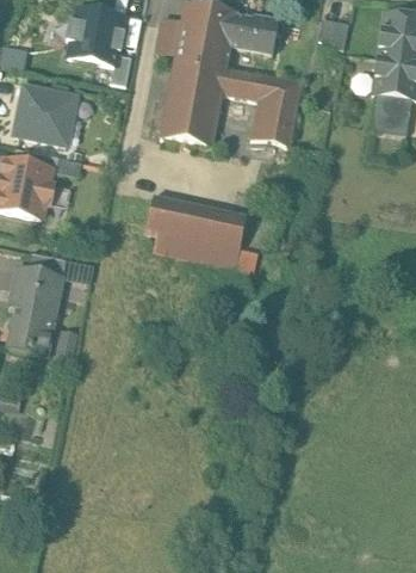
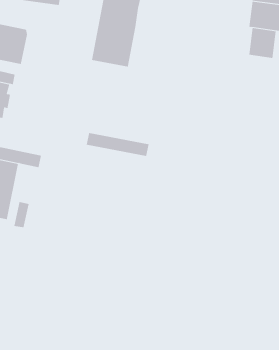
building: [221,67,299,146] -> none
building: [144,197,246,251] -> none

